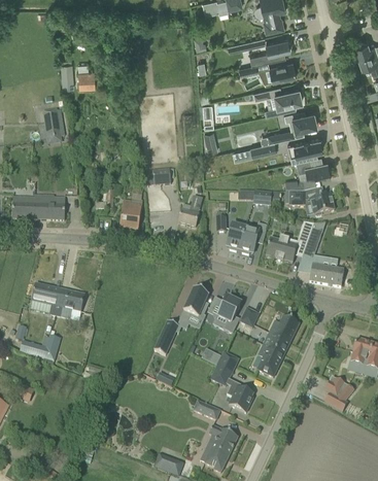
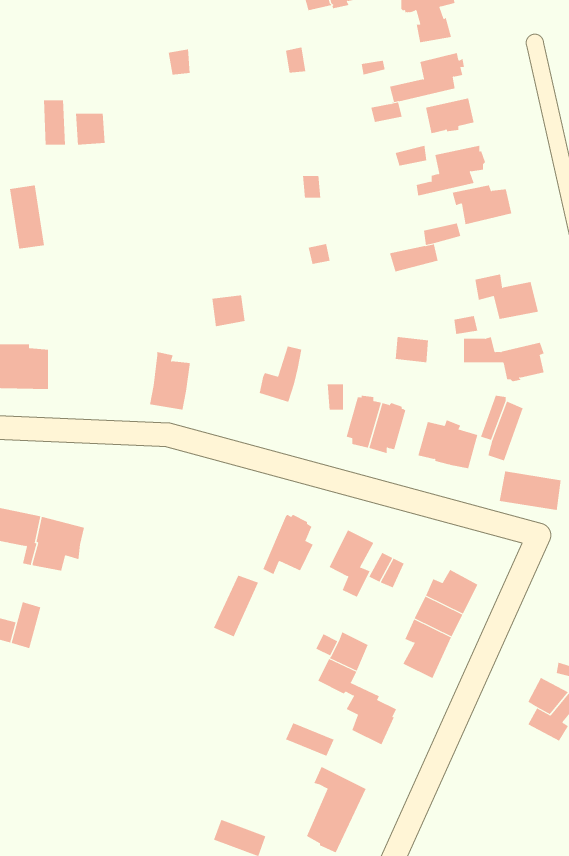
building: [293,136,322,160] -> none

